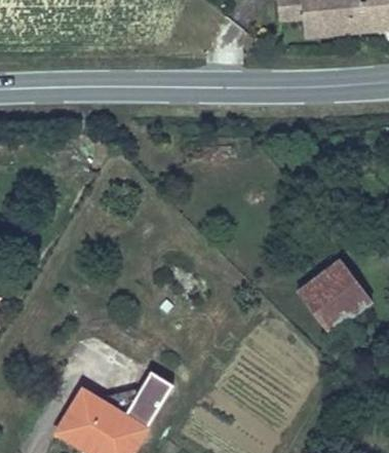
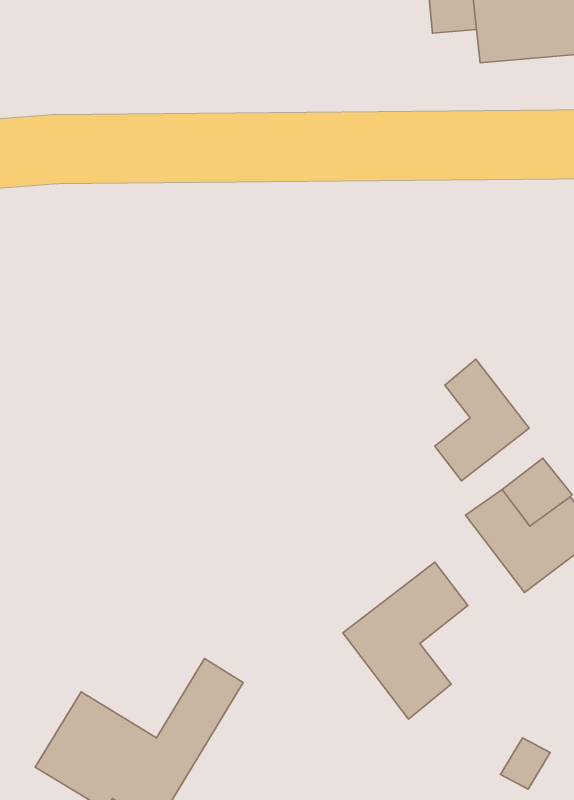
building: none -> [435,359,529,481]
building: none -> [343,562,468,719]

